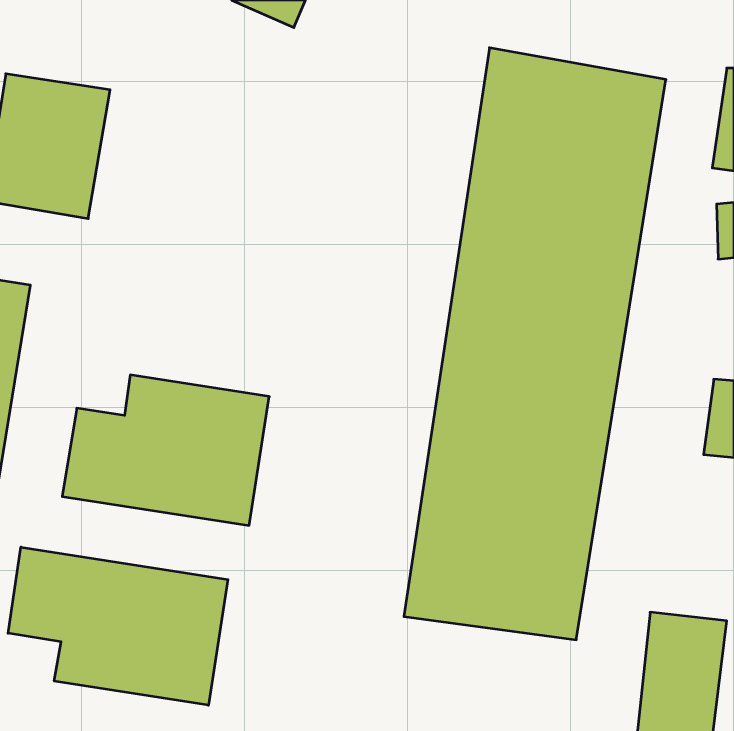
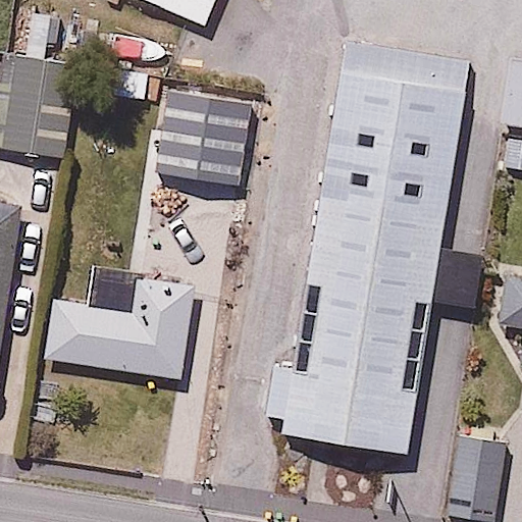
building: none -> [170,90,243,190]
building: [8,547,228,705] -> none

